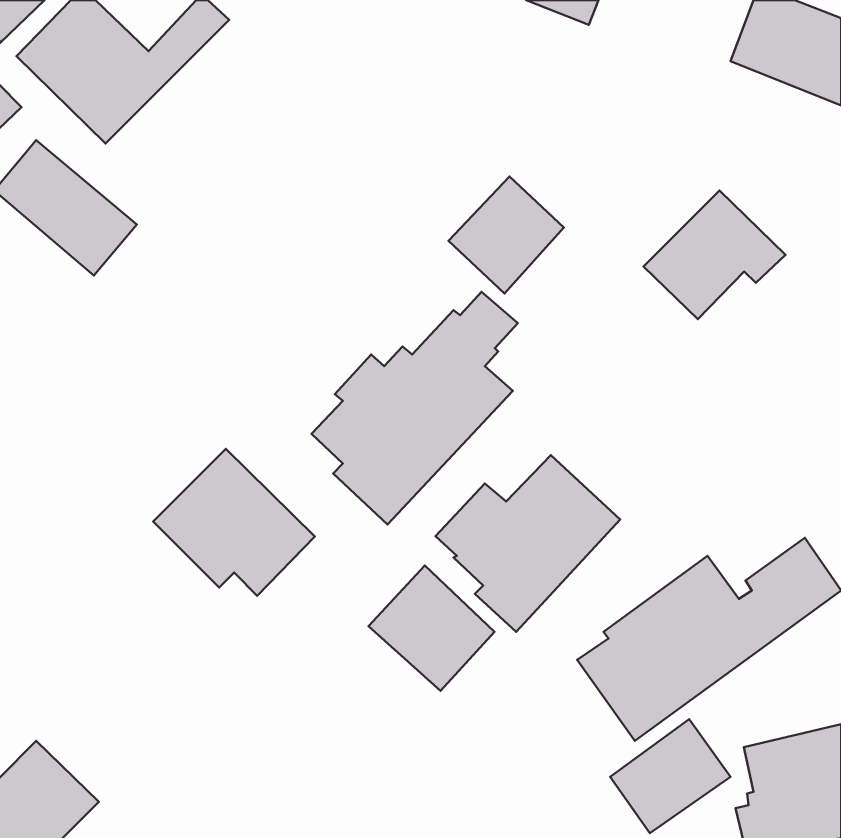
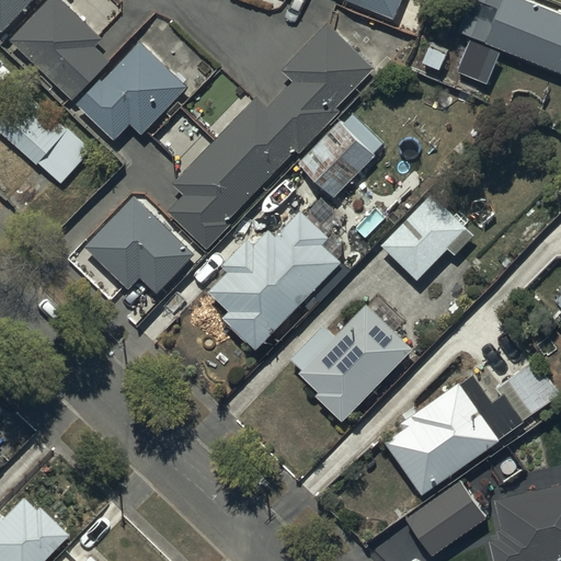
building: none -> [165,23,374,252]
building: none -> [77,44,188,140]
building: [644,191,785,319] -> [380,195,474,280]
building: [153,449,315,596] -> [83,196,191,294]
building: [368,565,495,691] -> none

